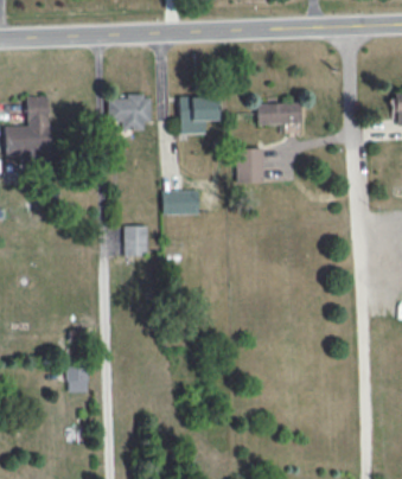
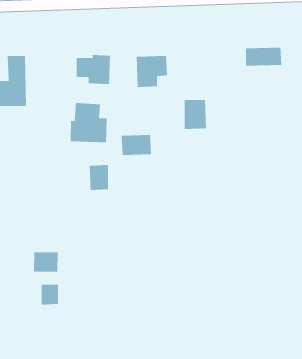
building: [259,102,302,124] -> [245,47,282,66]
building: none -> [70,102,107,143]
building: none -> [34,252,58,272]

